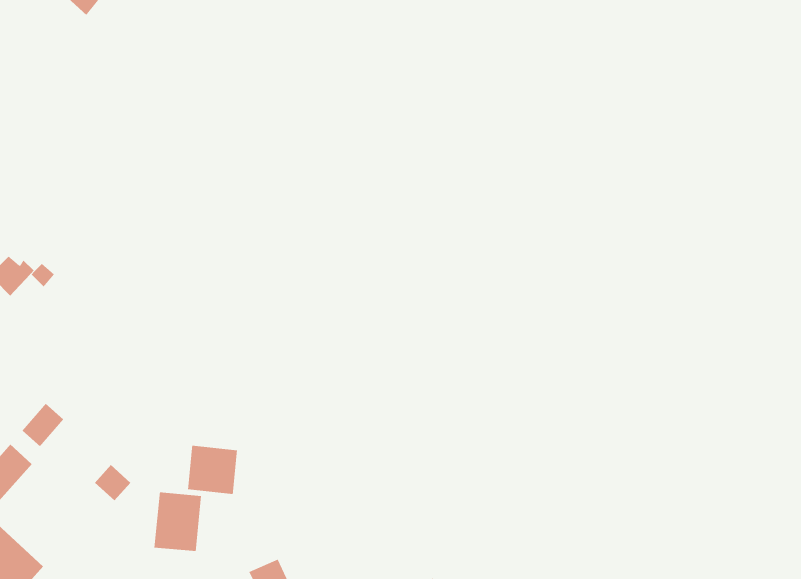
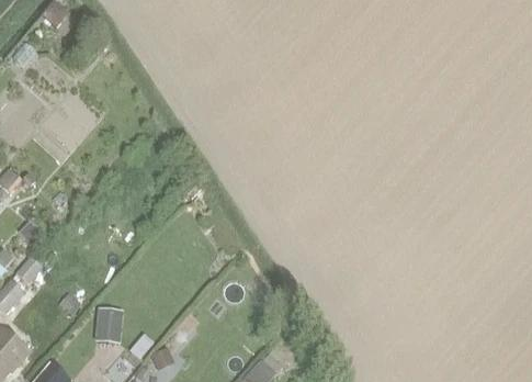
building: [187,445,238,495] -> none

